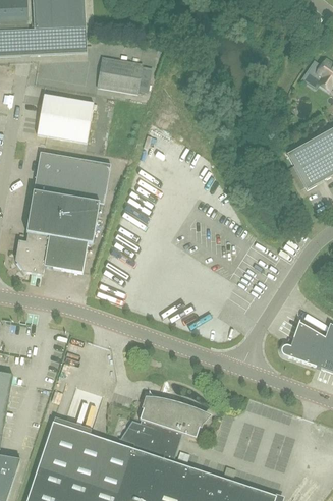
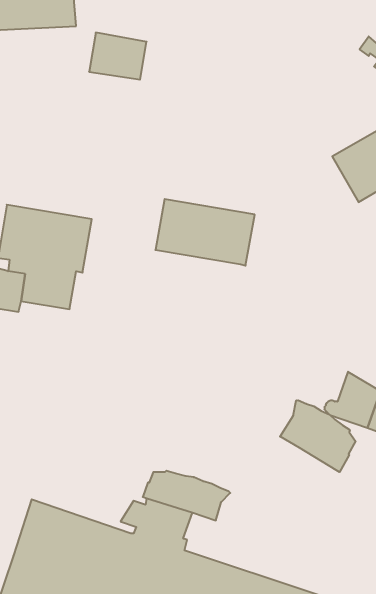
building: [37,94,94,142] -> none
building: [34,151,111,203] -> [155,199,255,266]
building: none -> [280,400,356,472]

